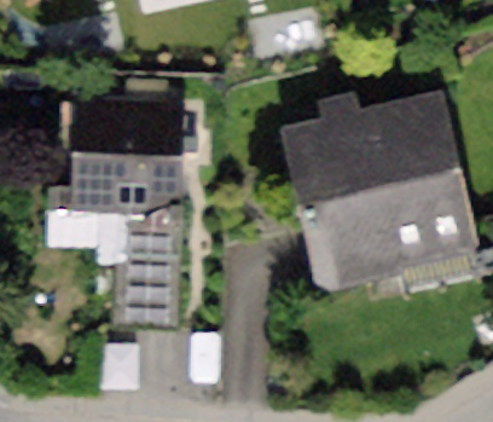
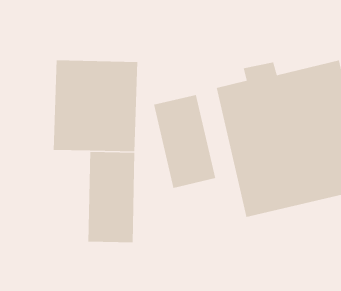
building: none -> [153,94,216,189]

